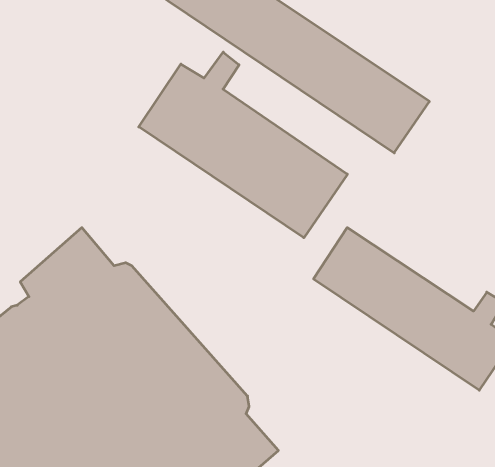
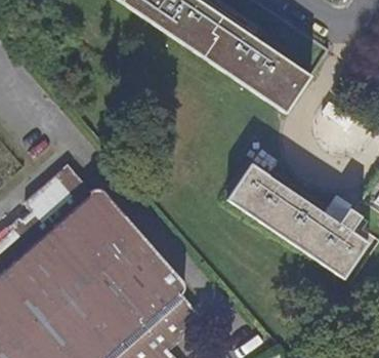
building: [139,52,347,238] -> none

